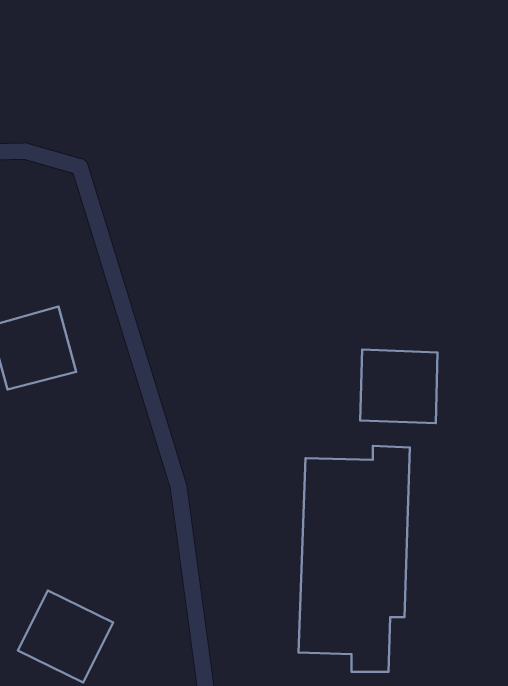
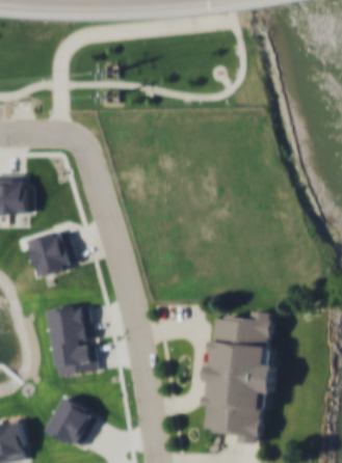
building: [360,350,438,423] -> none
building: none -> [46,304,95,376]

